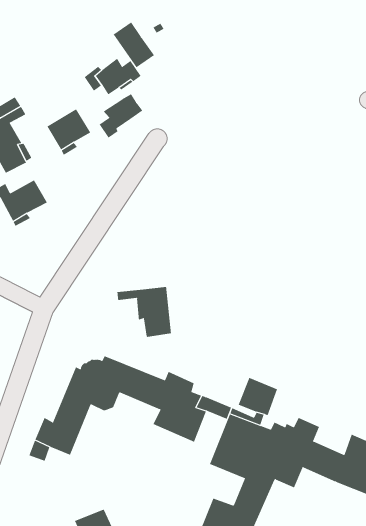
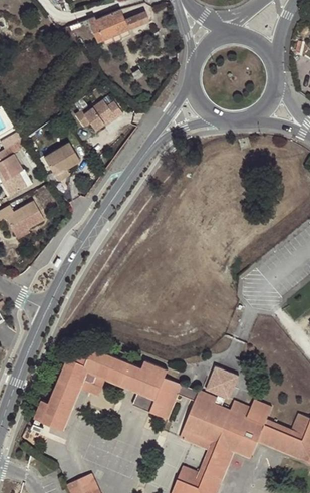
building: [113,21,155,68] -> none
building: [99,93,143,138] -> none
building: [117,286,172,338] -> none

